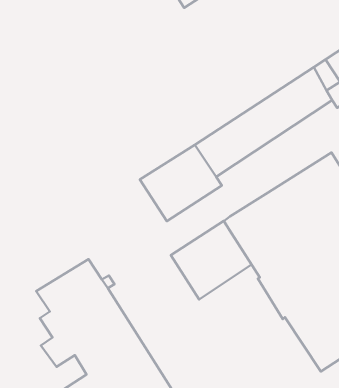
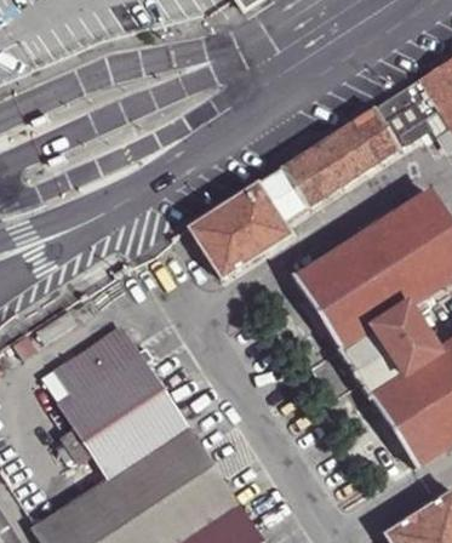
building: [171,221,251,299] -> none

